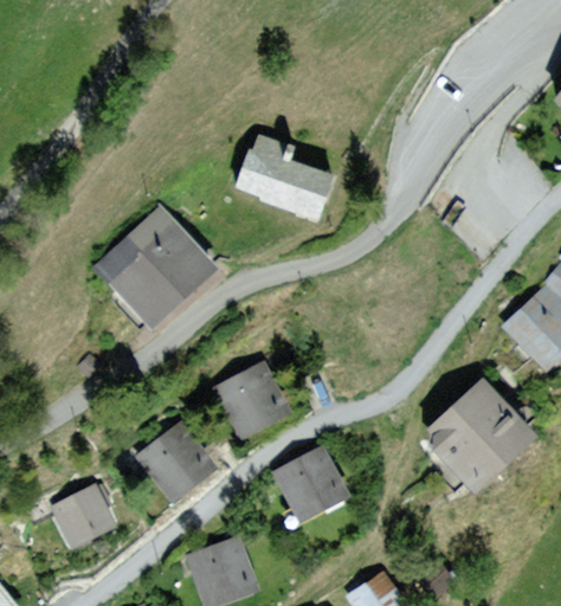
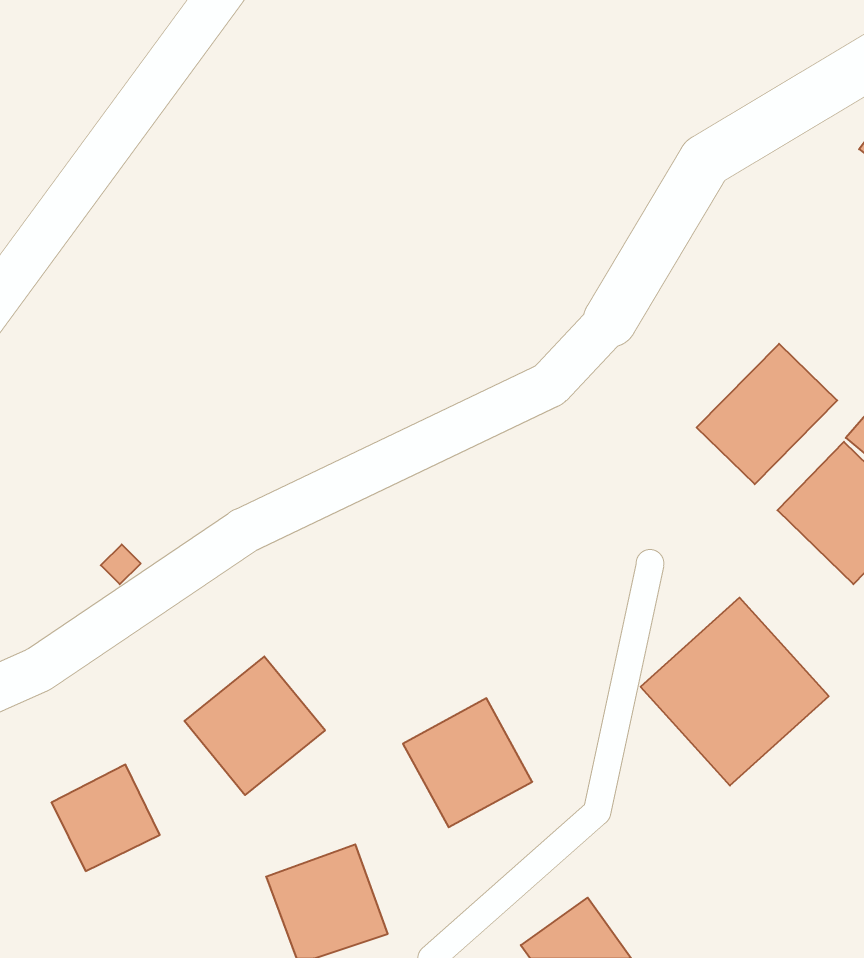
building: [236,131,333,221] -> none
building: [92,204,217,327] -> none
building: none -> [697,344,837,484]
building: [211,366,290,445] -> none

